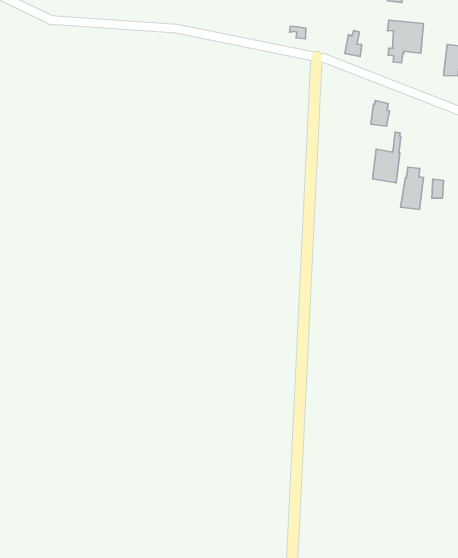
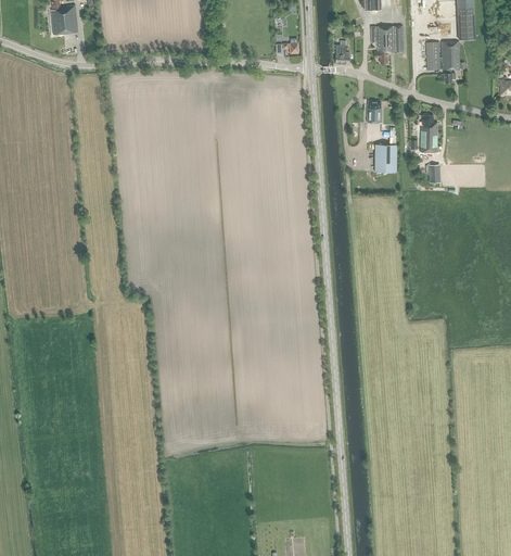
building: [400,167,423,210] -> [419,114,436,151]

